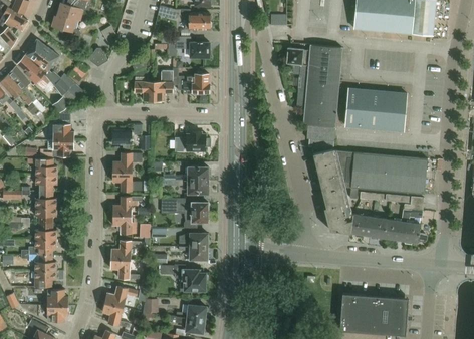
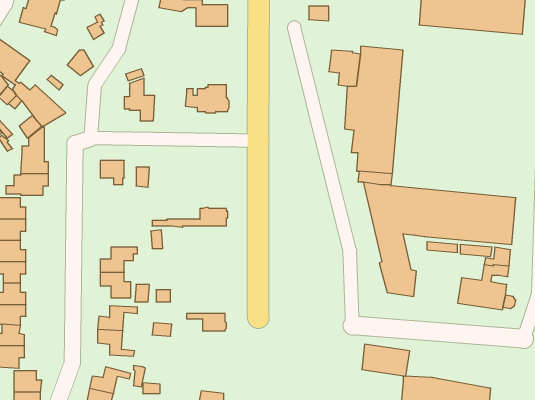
building: [176,36,209,57] -> none
building: [153,67,178,100] -> none
building: [344,88,406,130] -> none
building: [175,131,210,150] -> none
building: [112,152,142,190] -> none
building: [167,180,209,194] -> none
building: [161,198,208,228] -> none
building: [349,214,386,238] -> [362,344,410,376]
building: [178,232,208,246] -> none
building: [161,264,208,291] -> none

